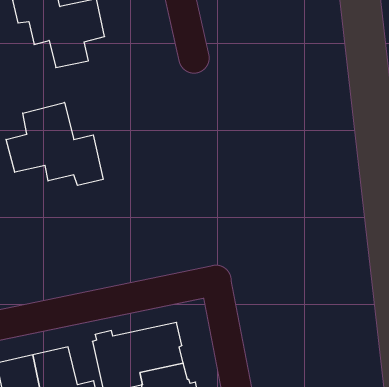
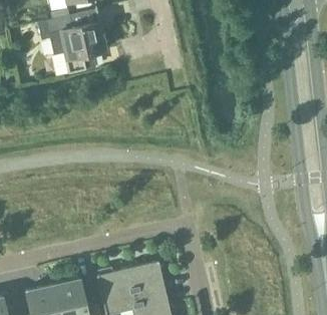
building: [6,102,103,185] -> none

